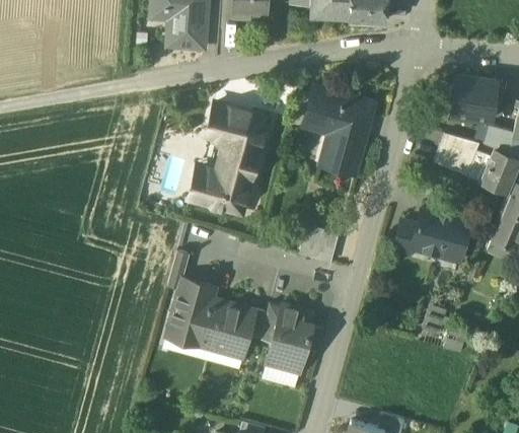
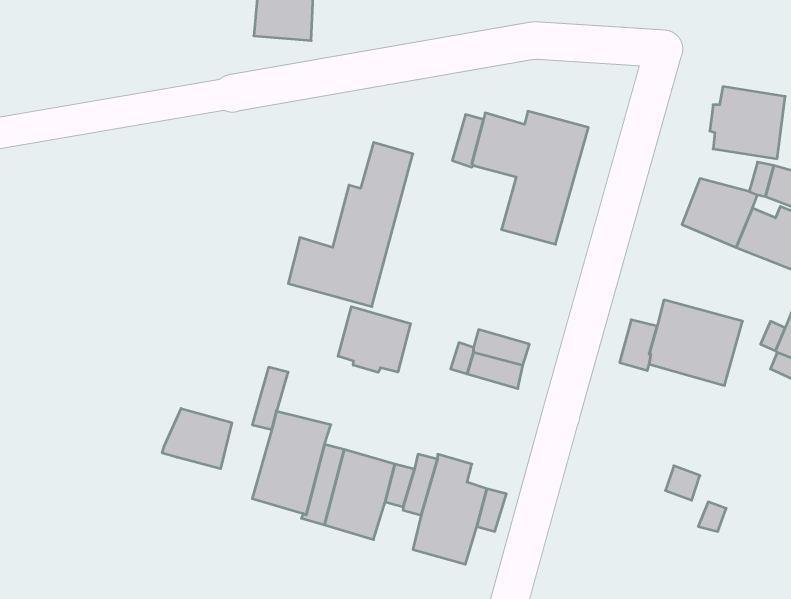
building: [208,105,242,141] -> none
building: none -> [338,307,411,372]
building: none -> [162,408,232,469]

